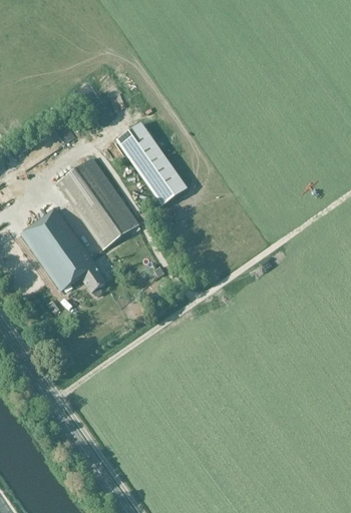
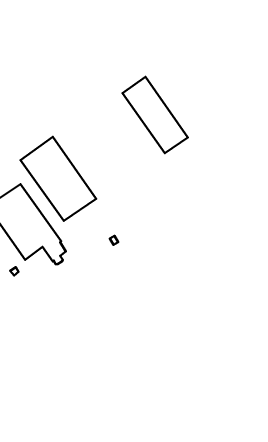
building: [114,121,186,204] -> [122,77,188,153]

